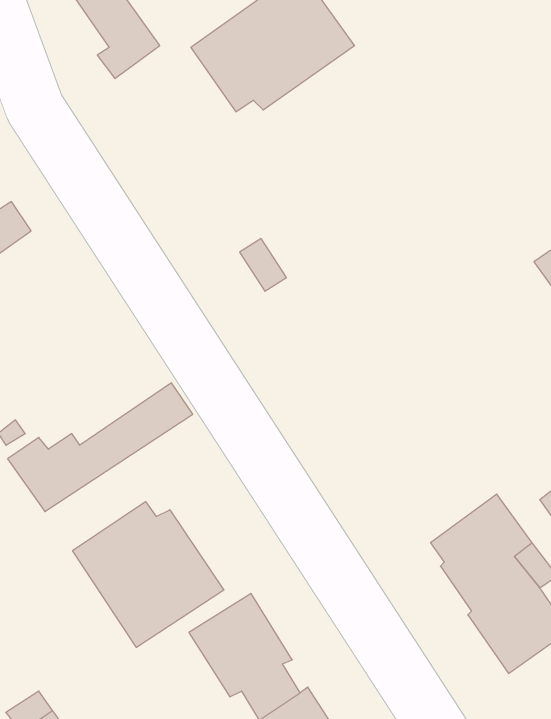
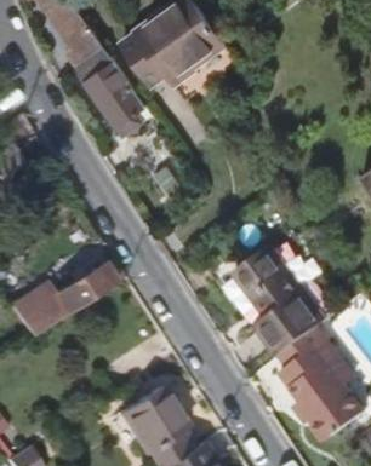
building: none -> [76,46,145,137]
building: none -> [229,244,319,355]
building: [73,502,224,647] -> none

